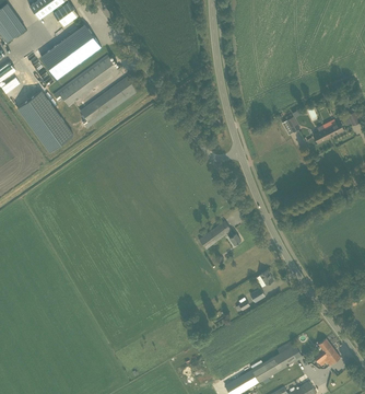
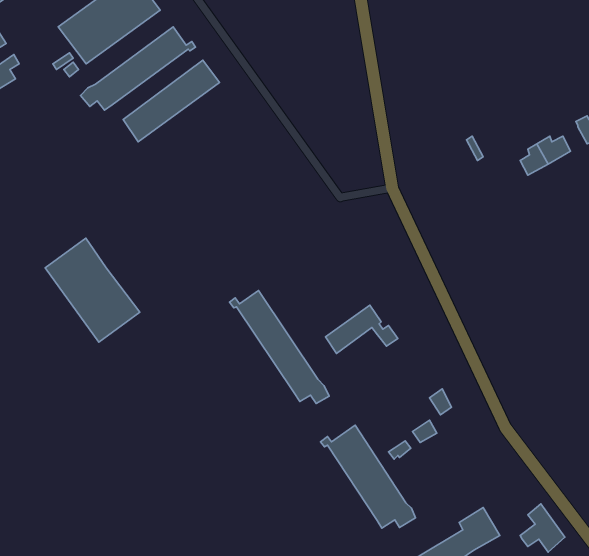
building: [16,90,72,151] -> [45,238,140,342]
building: none -> [230,290,329,404]
building: none -> [321,425,415,528]

